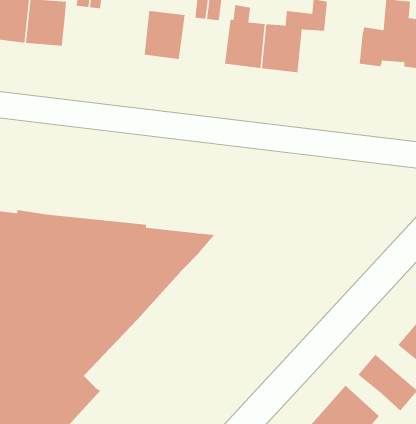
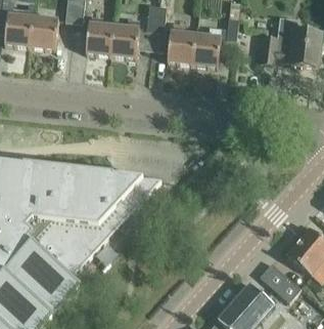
building: none -> [86,22,114,55]

